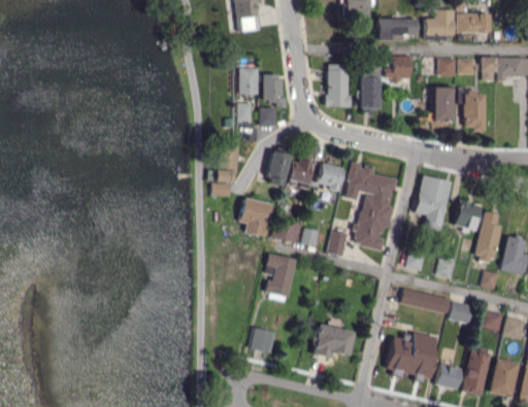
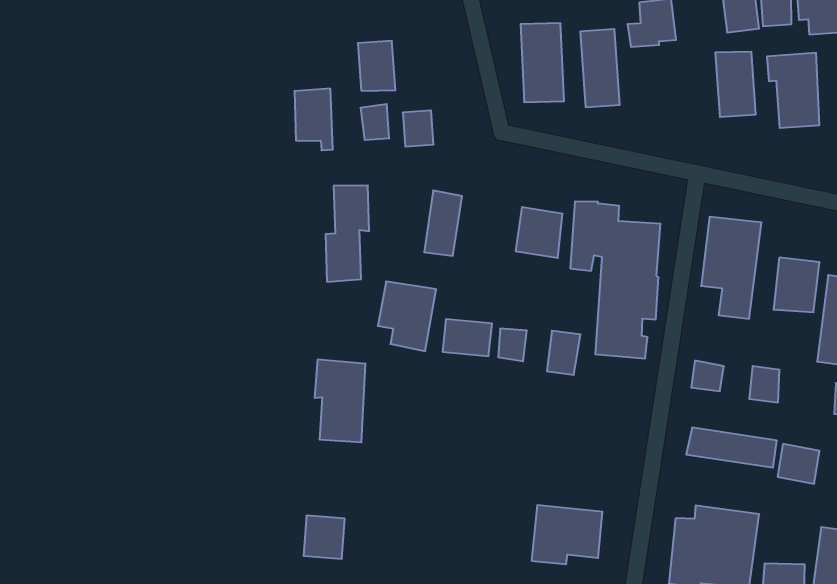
building: [263,74,284,107] -> [294,89,333,150]
building: [289,160,311,189] -> none
building: [266,253,295,300] -> [315,360,366,442]
building: [251,328,274,352] -> [303,516,345,559]

